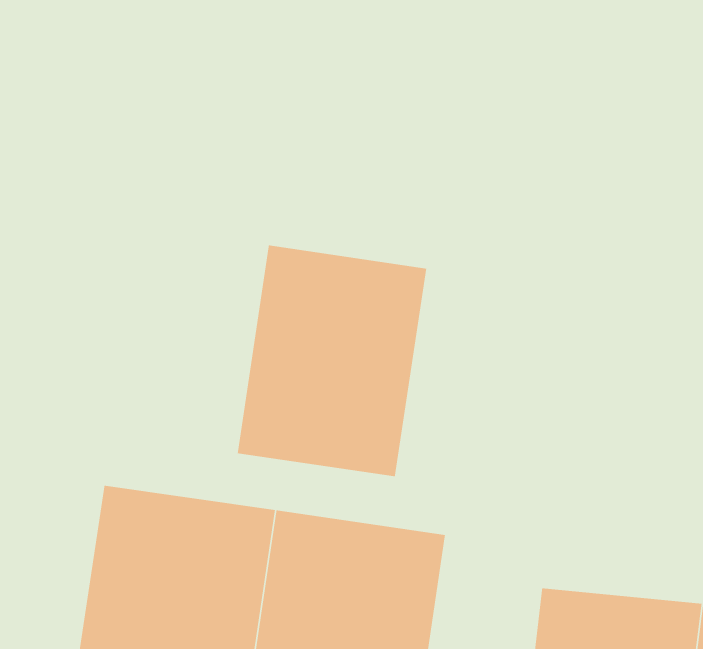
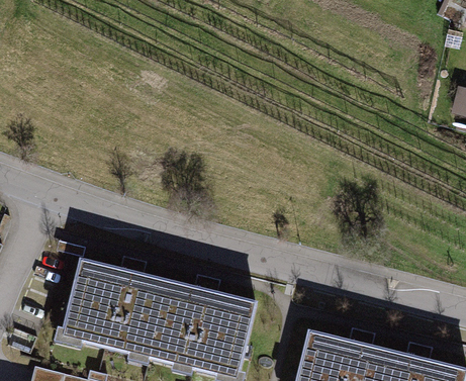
building: [237,245,427,477] -> none

